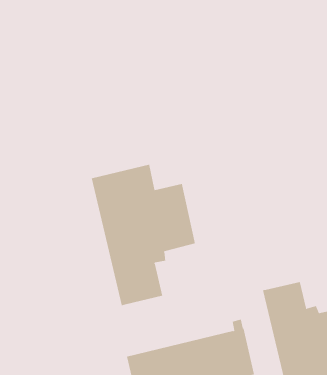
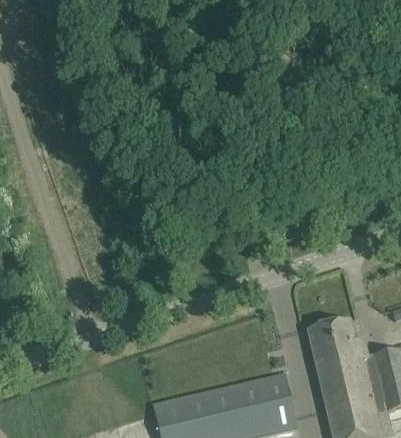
building: [91,164,196,306] -> none

